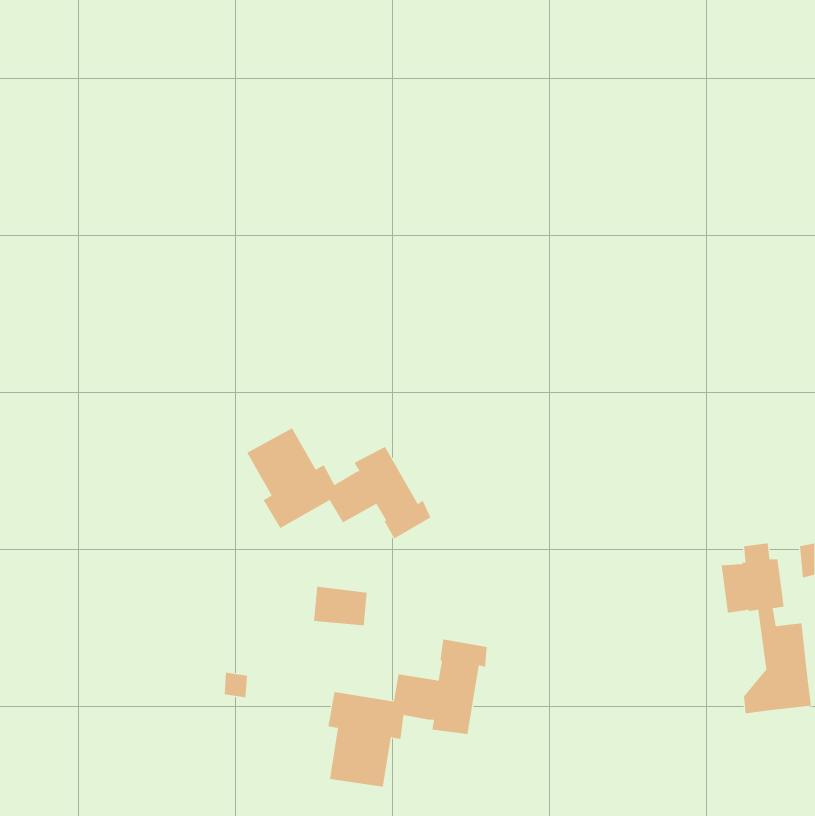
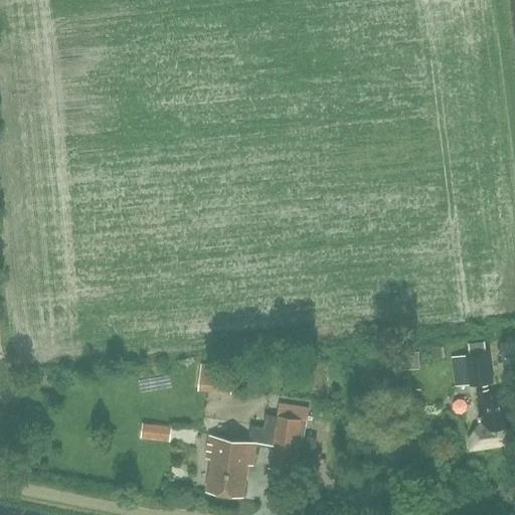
building: [247,427,431,540] -> none

